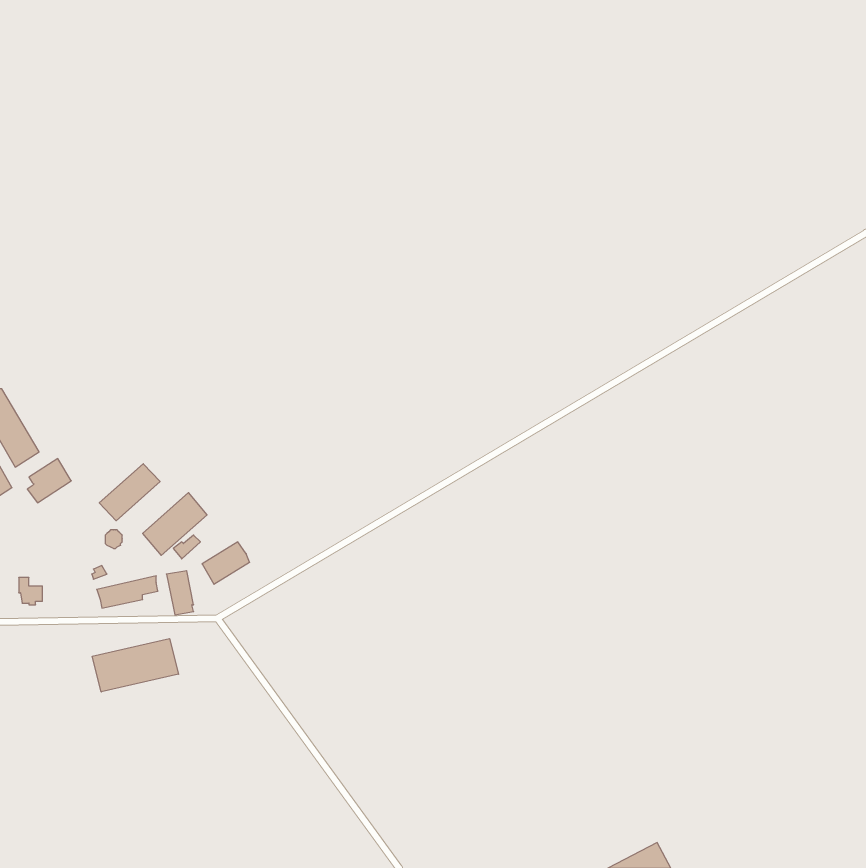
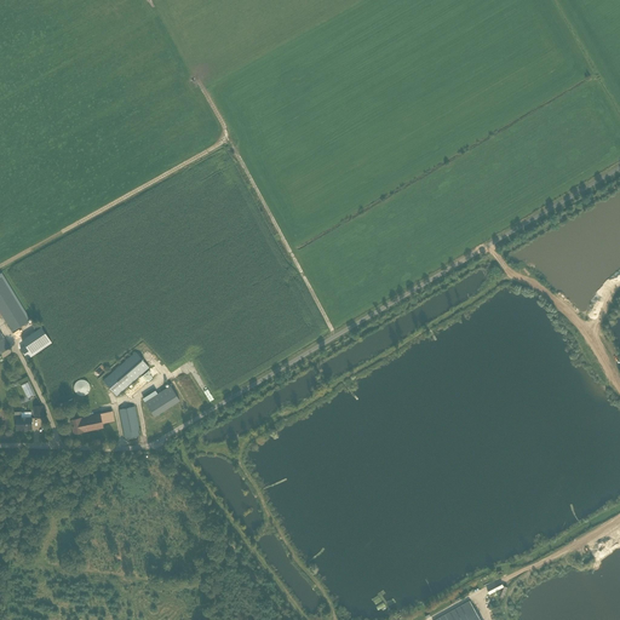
building: [99,464,160,521] -> none
building: [92,639,179,692] -> none

